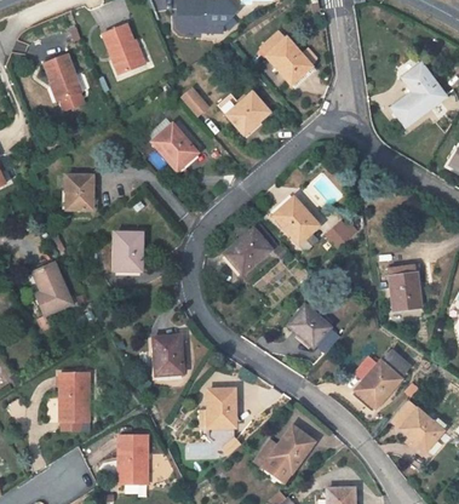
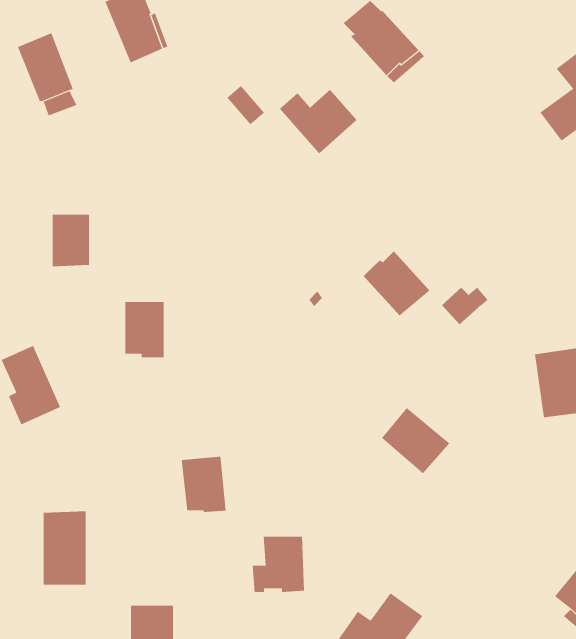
building: [153,124,196,168] -> none
building: [225,225,275,274] -> none
building: [357,349,411,407] -> none

